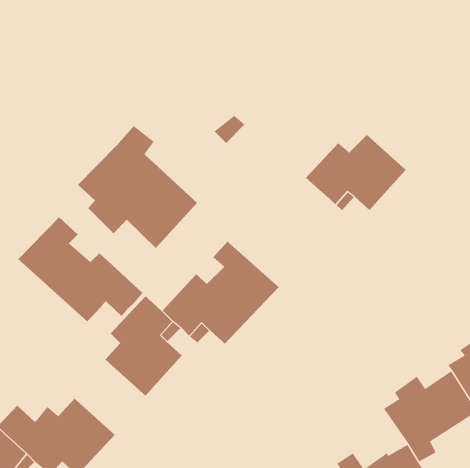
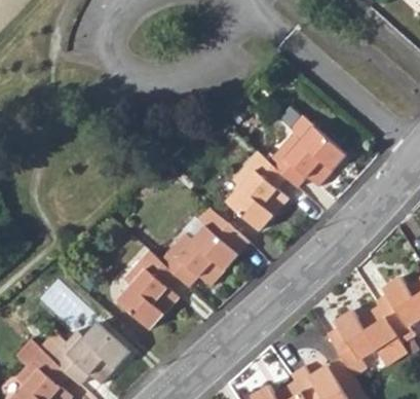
building: [77,125,198,249] -> none
building: none -> [231,152,289,228]
building: [17,217,143,322] -> none

